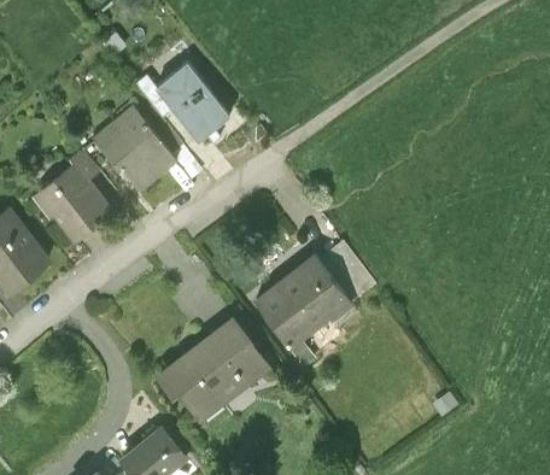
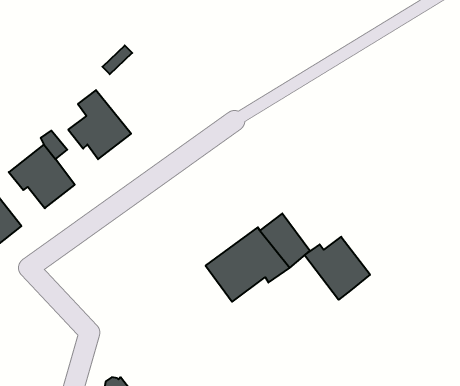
building: [156,64,229,143] -> none
building: none -> [304,237,370,300]
building: [158,322,268,420] -> none

